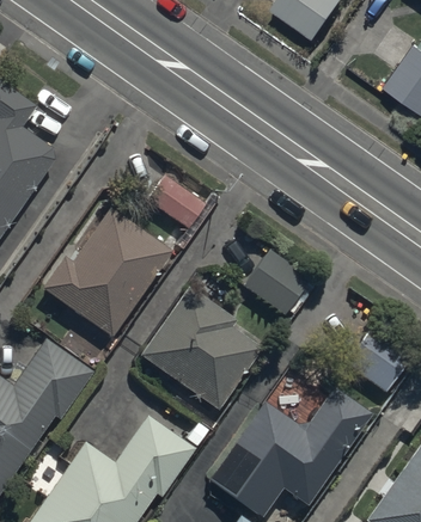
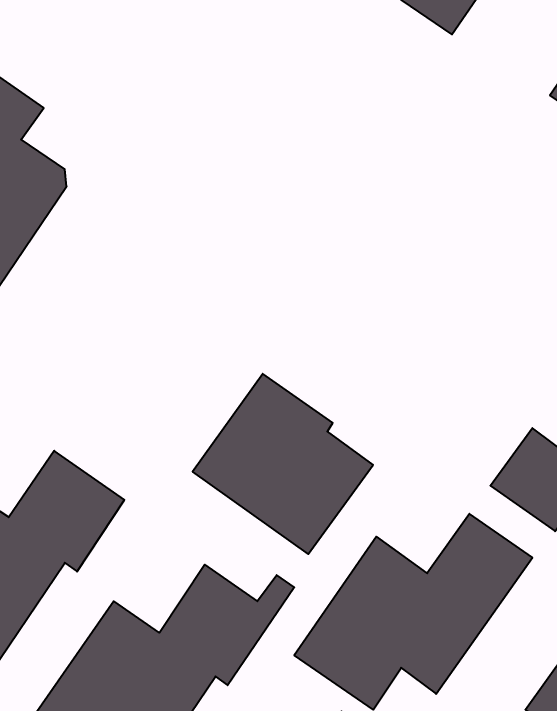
building: [142,170,208,232] -> none
building: [42,204,172,337] -> none
building: [243,250,317,317] -> none

